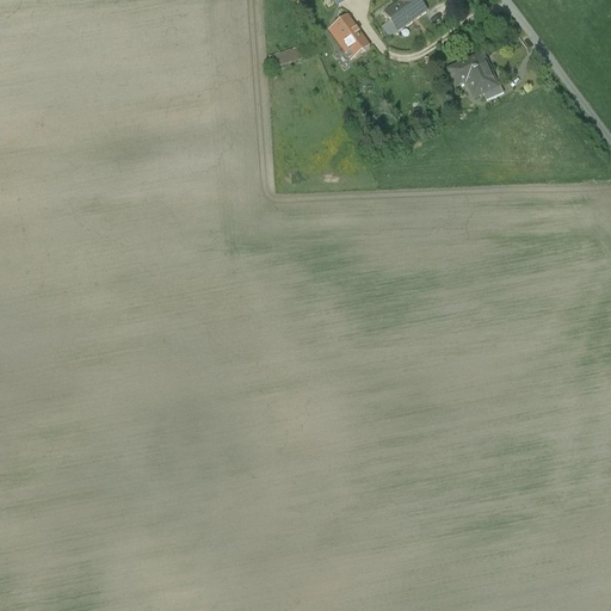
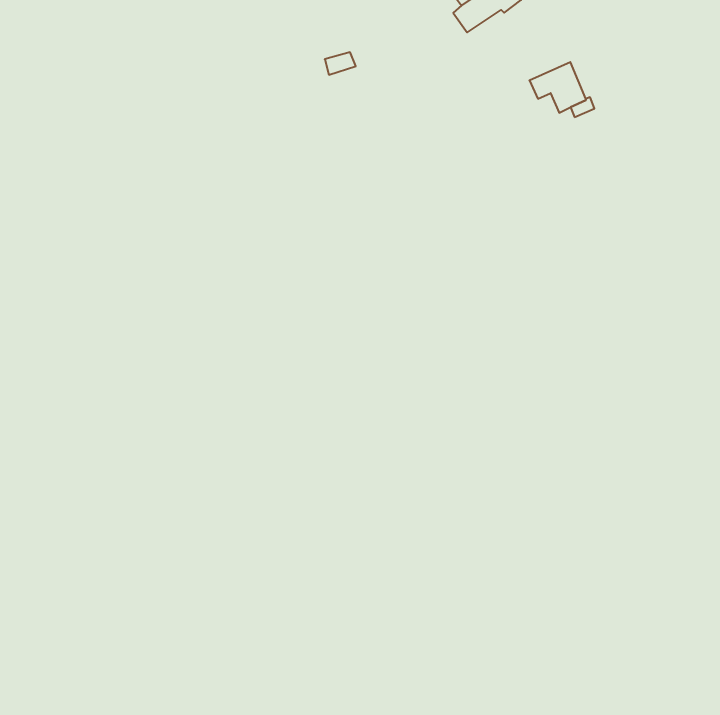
building: [329,16,366,56] -> none

